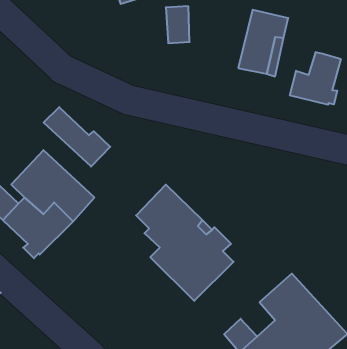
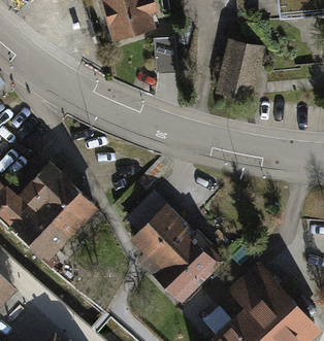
building: [290,52,341,105] -> none
building: [44,107,110,167] -> none

